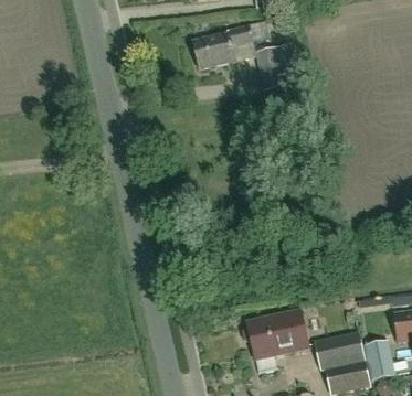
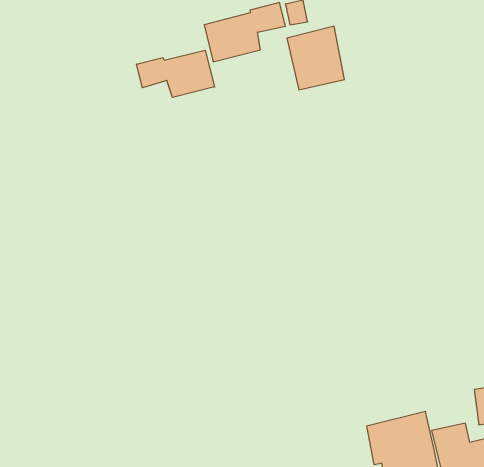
building: none -> [137,50,215,97]
building: [242,310,308,358] -> none

